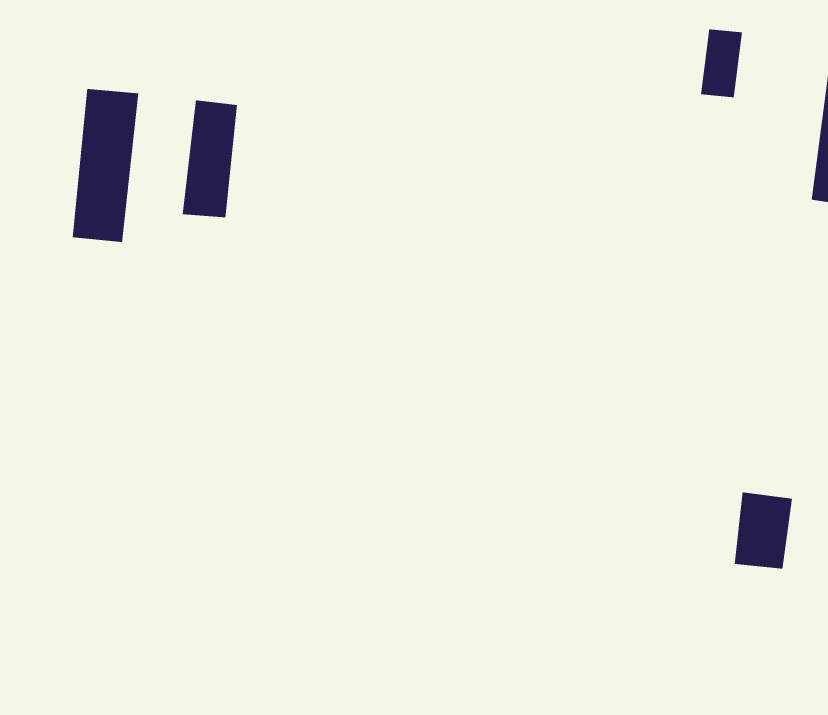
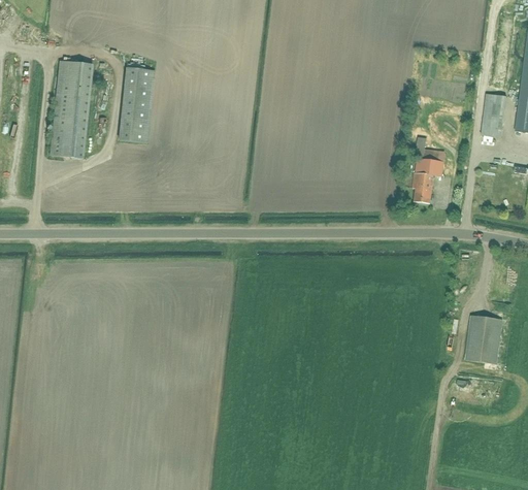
building: [700,29,743,98] -> [482,92,508,135]
building: none -> [411,135,444,202]

